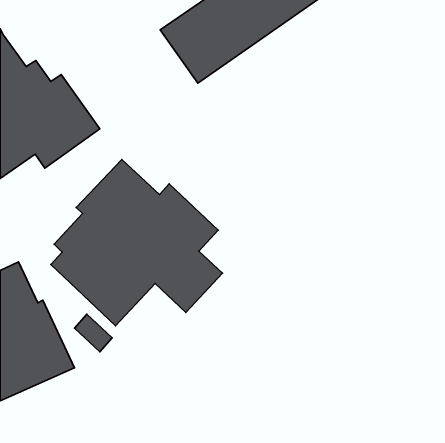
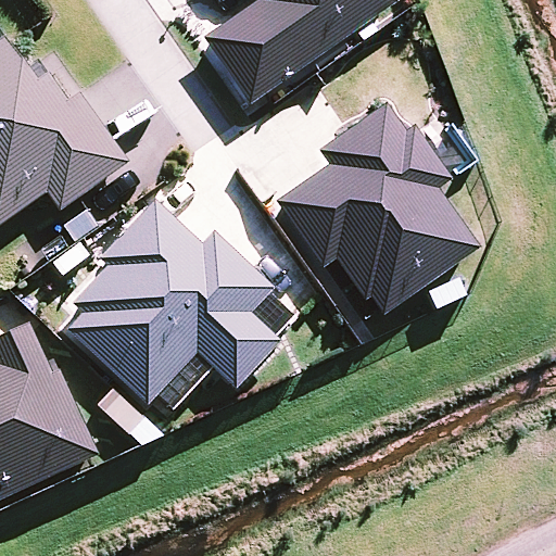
building: none -> [275,102,480,314]

